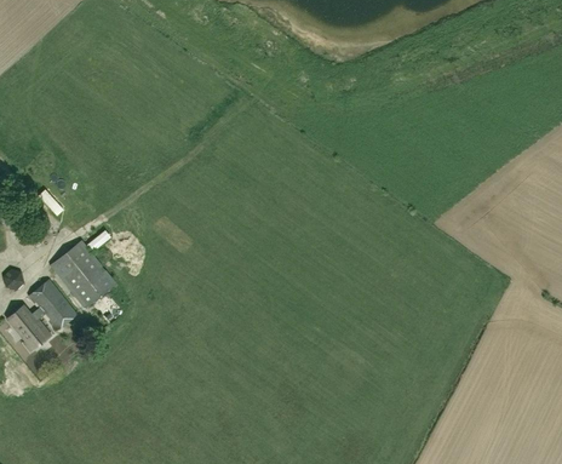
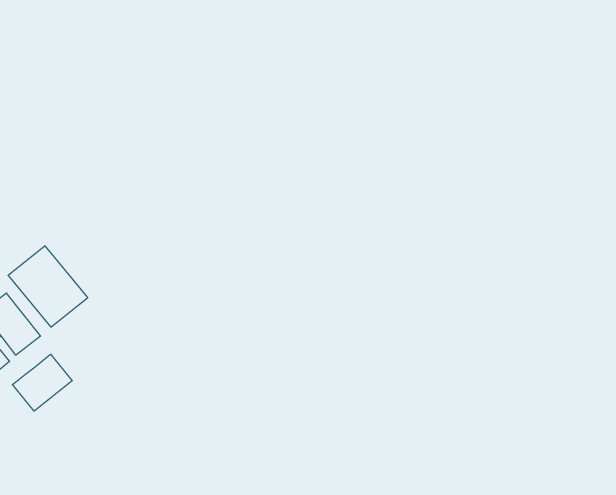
building: none -> [12,354,72,411]

